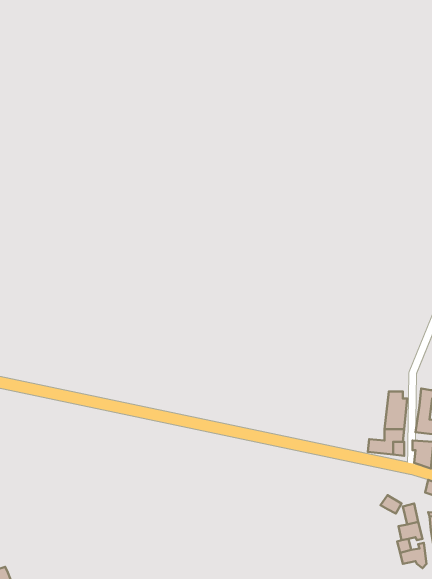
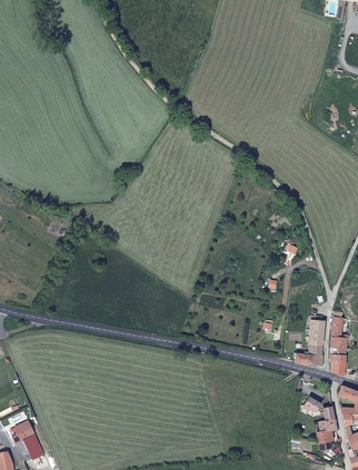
building: none -> [7,420,43,458]

